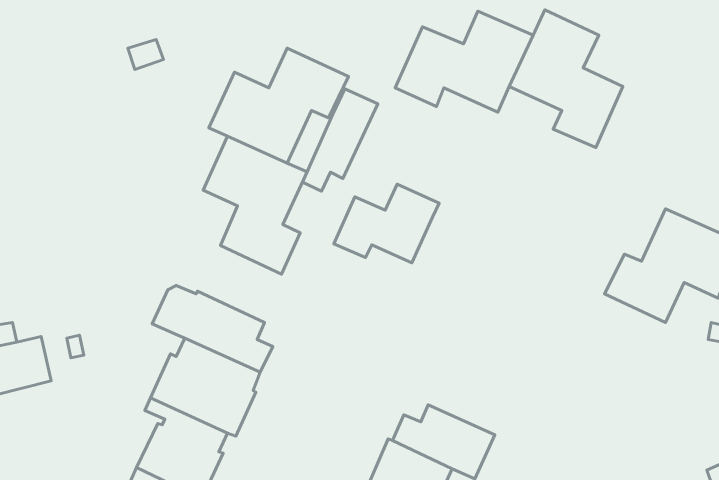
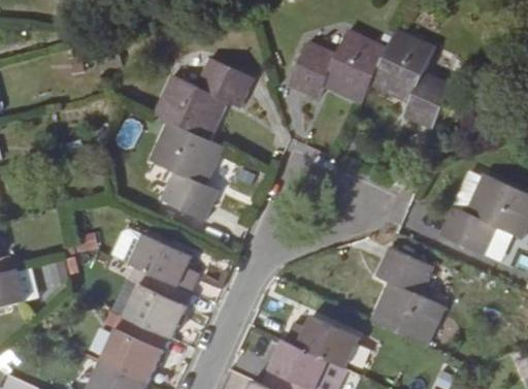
building: [303,89,378,191] -> none
building: [334,184,439,263] -> none
building: none -> [372,247,446,346]

